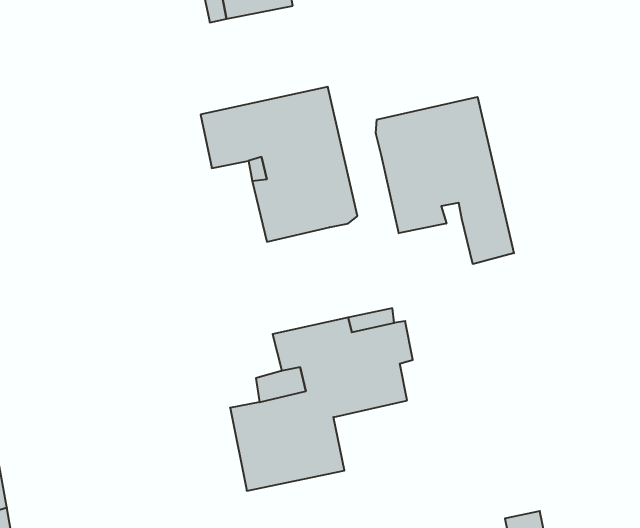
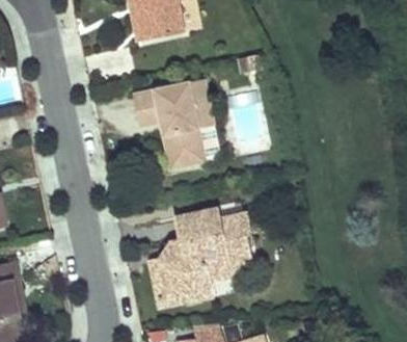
building: [376,97,514,264] -> none

